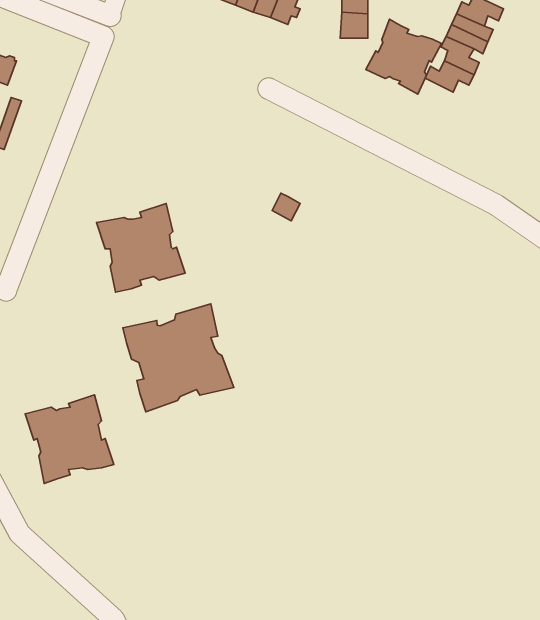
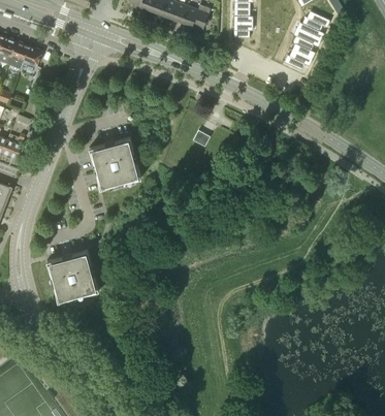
building: [366,19,442,94] -> none
building: [123,304,234,412] -> none

